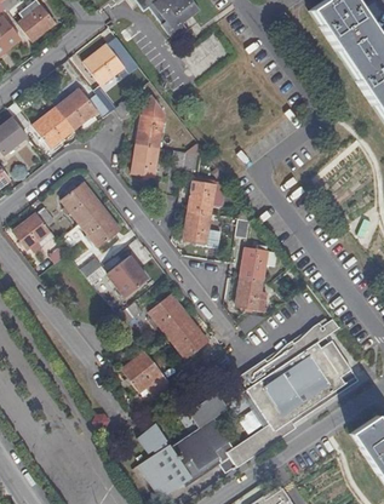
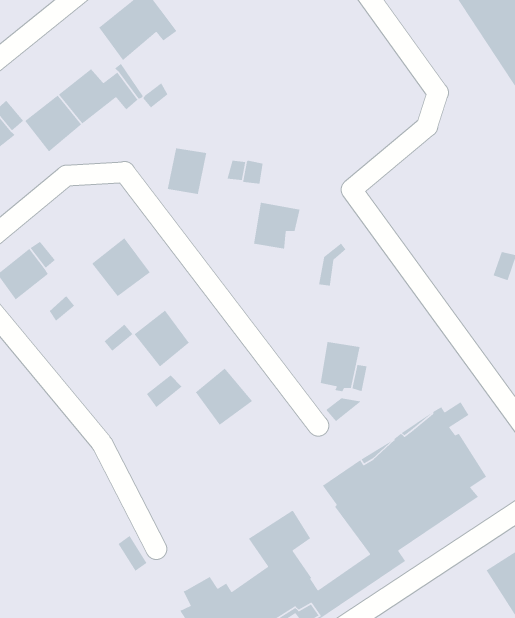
building: [136,97,164,148] -> none
building: [61,184,101,224] -> none
building: [183,211,219,247] -> none
building: [240,245,277,281] -> none
building: [166,319,206,359] -> none
building: [120,351,172,401] -> none

